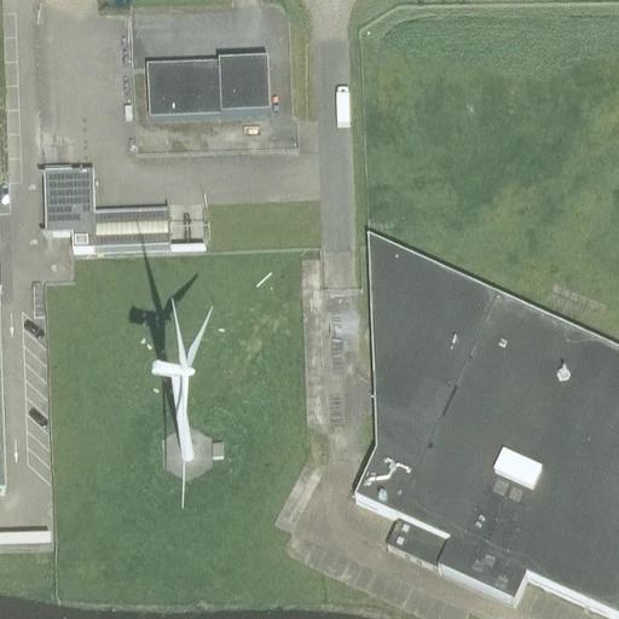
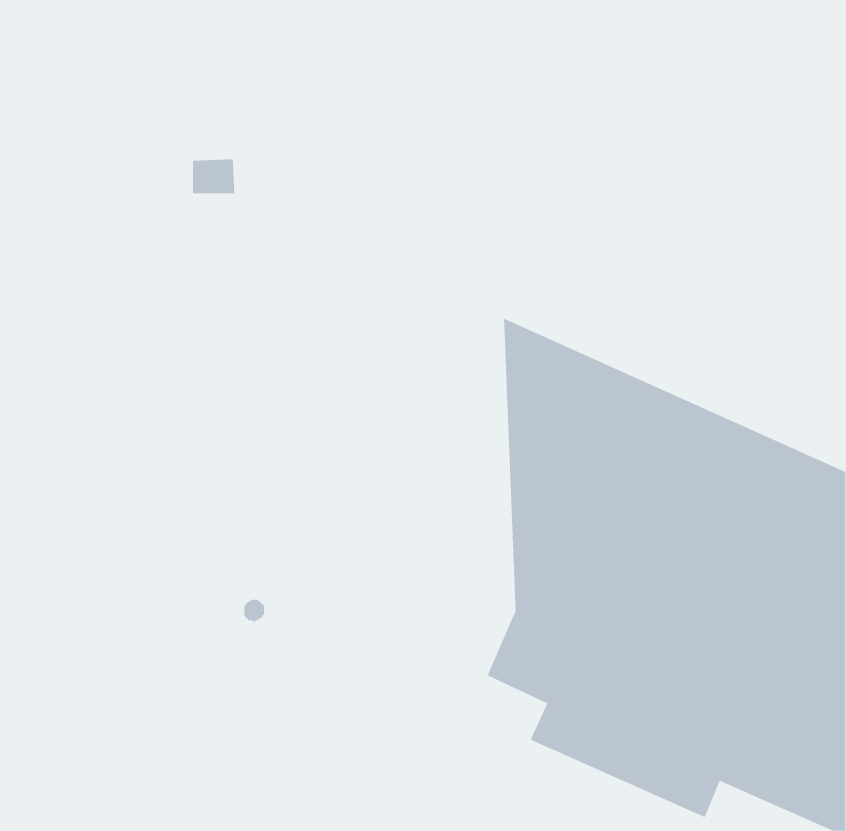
building: [147,56,271,114] -> none
building: [44,167,206,245] -> none

